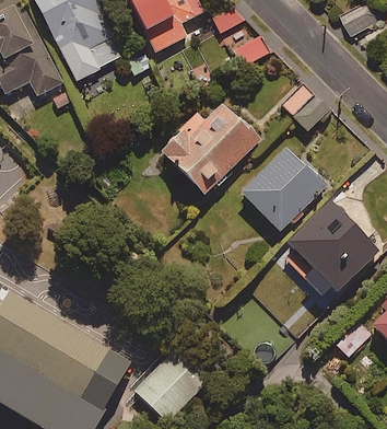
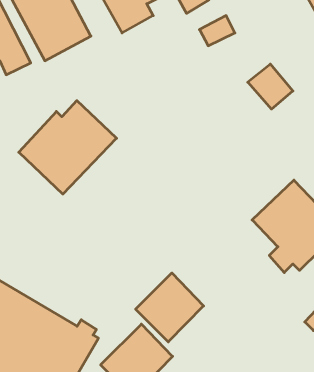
building: [160,101,259,196] -> [19,101,117,194]
building: [241,147,325,231] -> none
building: none -> [136,273,204,342]

